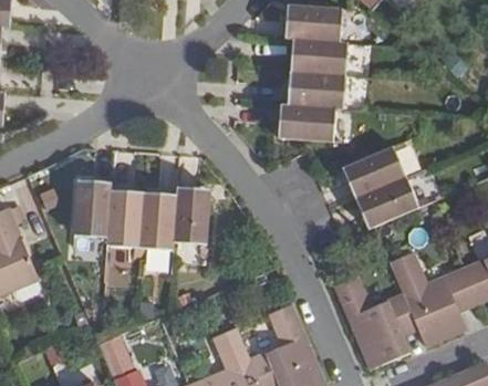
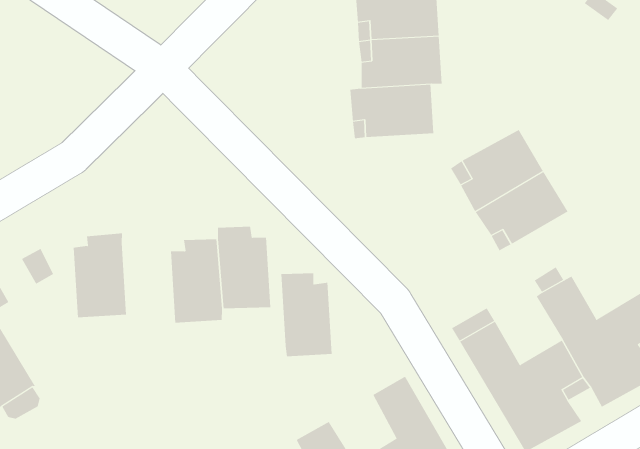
building: [106,189,142,249] -> [280,273,333,357]

